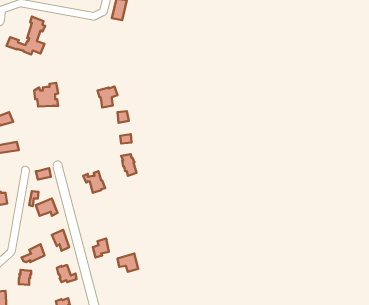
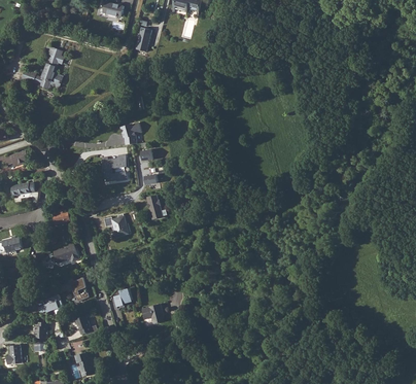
building: [34,83,58,107] -> [102,154,128,180]

